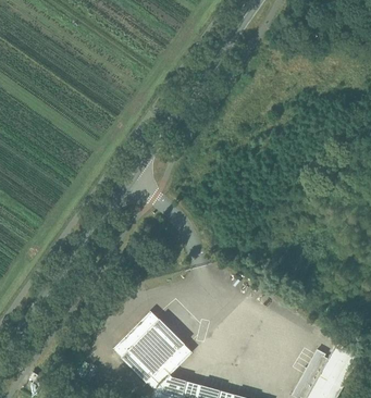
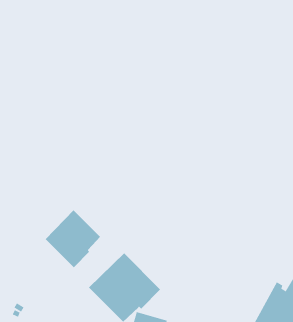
building: none -> [45,210,101,268]

